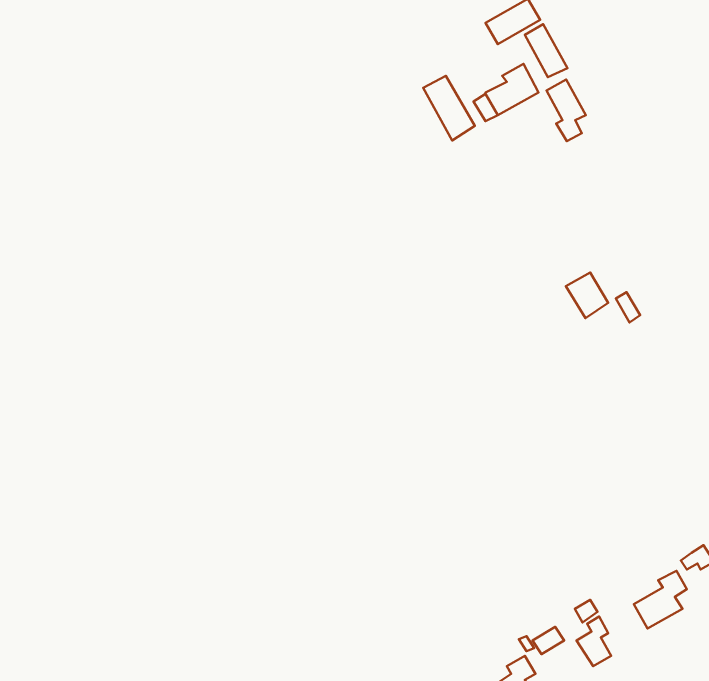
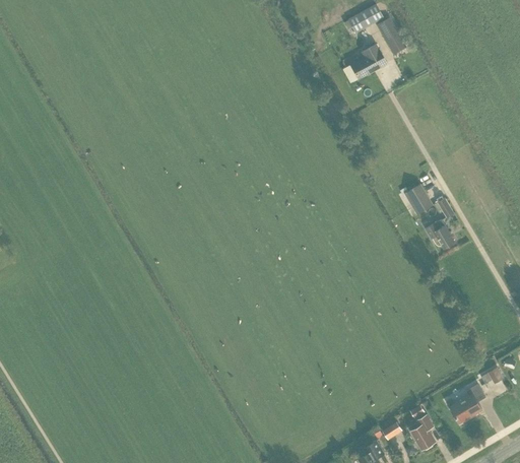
building: [423,76,475,141] -> none
building: [546,79,586,141] -> none
building: none -> [425,218,454,248]

